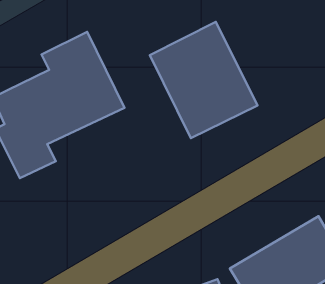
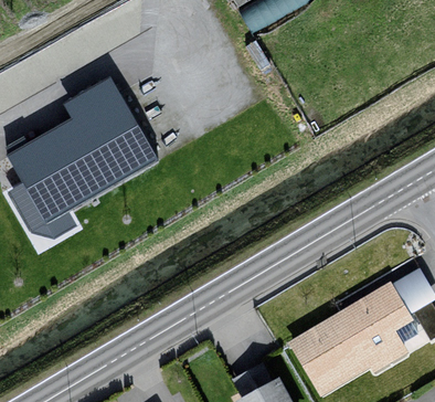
building: [150,22,257,138] -> none

